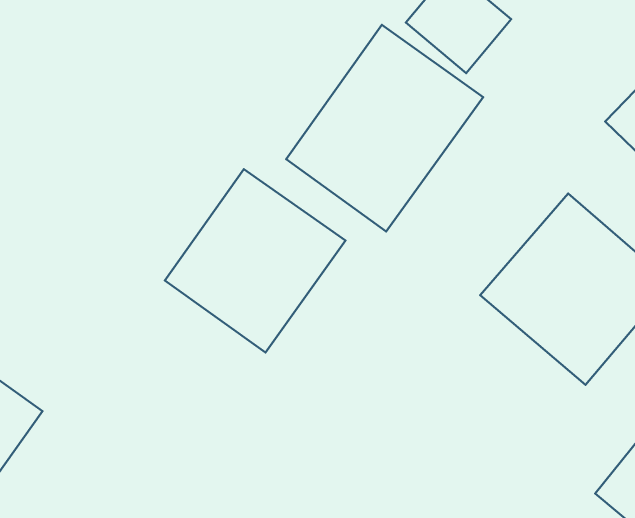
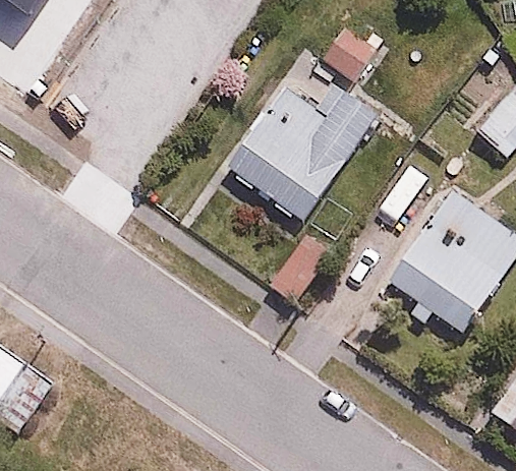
building: [165,169,346,353] -> none

